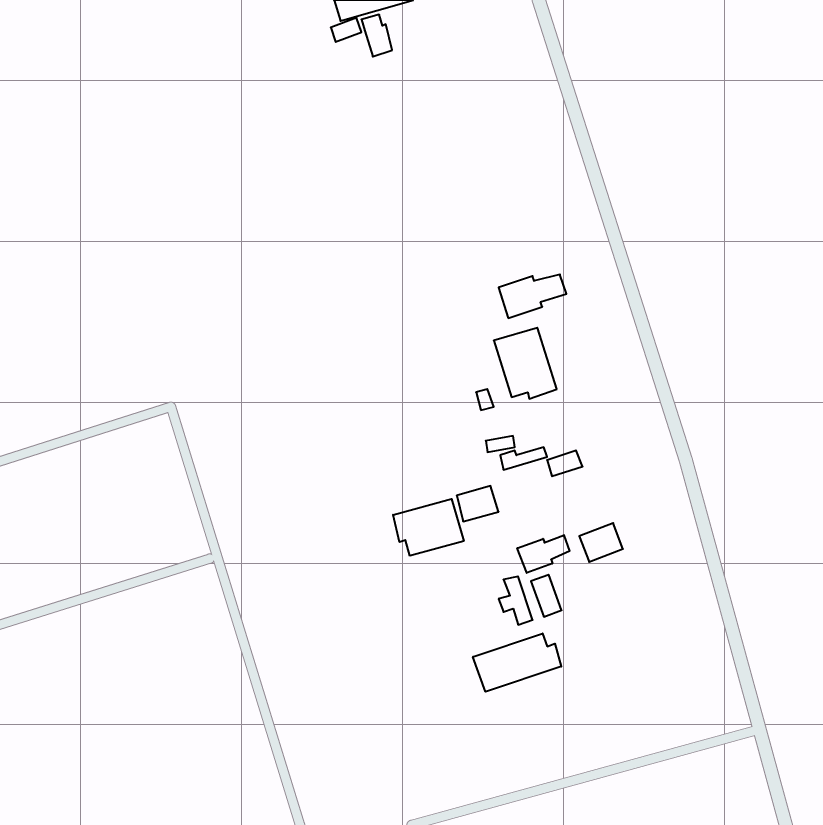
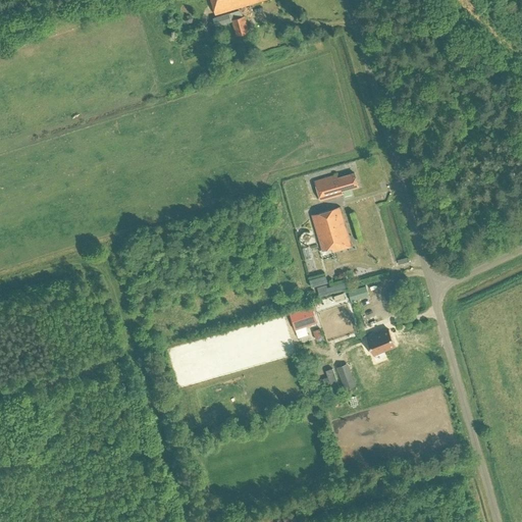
building: [393,499,464,556] -> none
building: [517,535,570,573] -> none
building: [473,633,561,692] -> none

